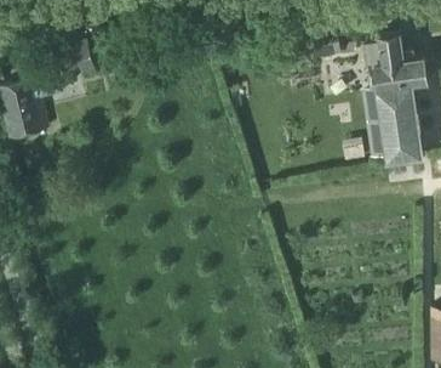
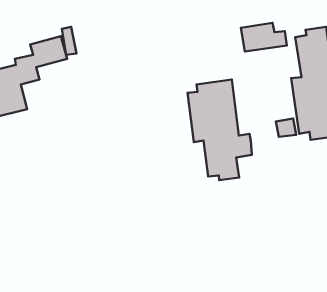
building: none -> [188,80,252,180]

